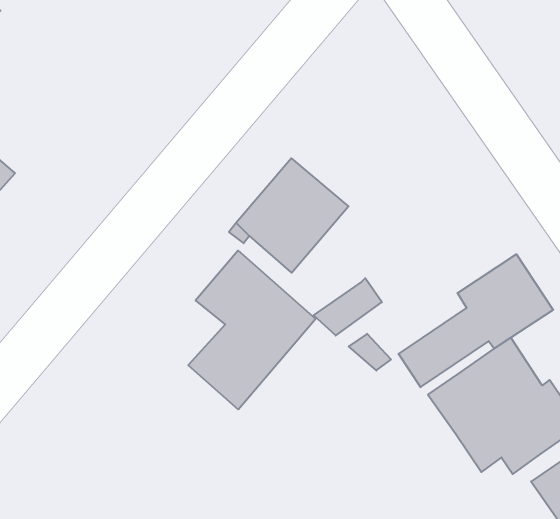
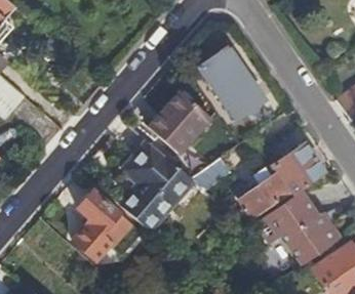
building: none -> [199,45,264,120]
building: none -> [74,187,142,257]

